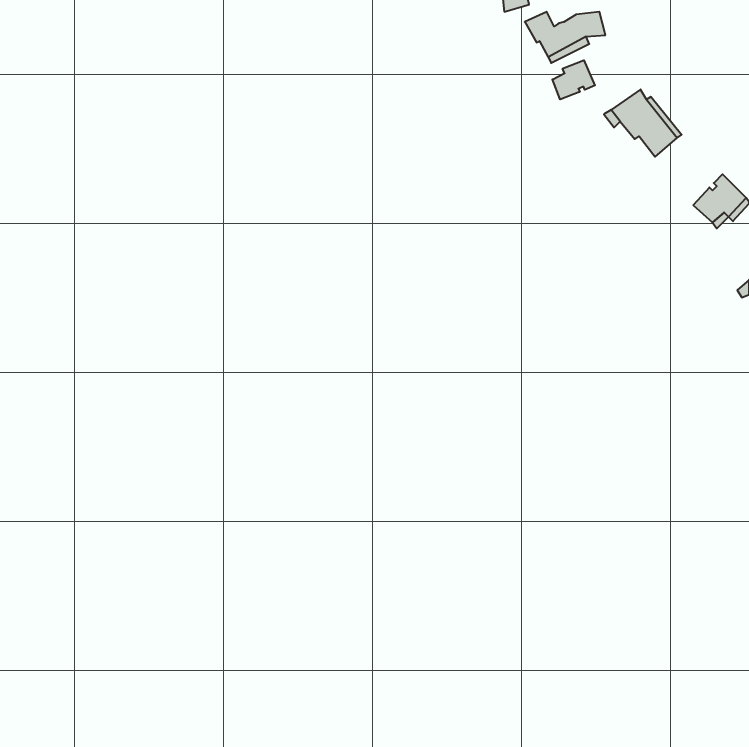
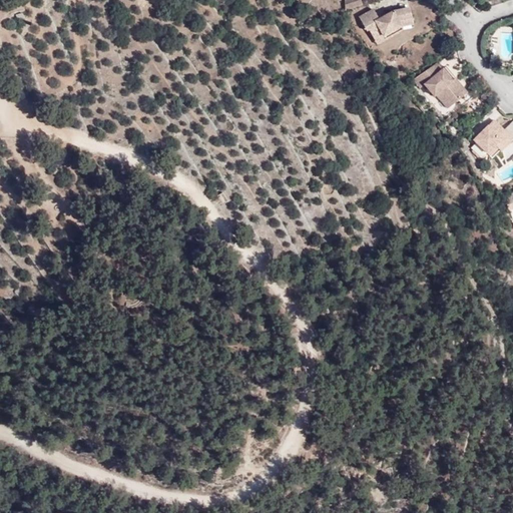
building: [552,60,595,99] -> none

